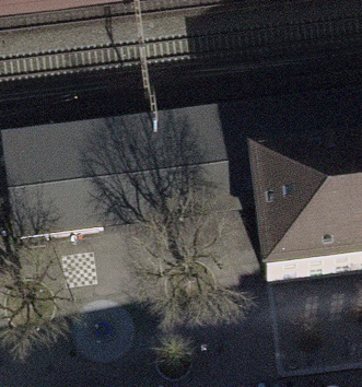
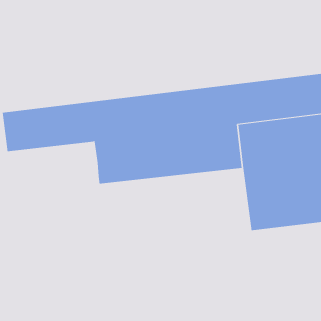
building: [16,185,116,242] -> none

